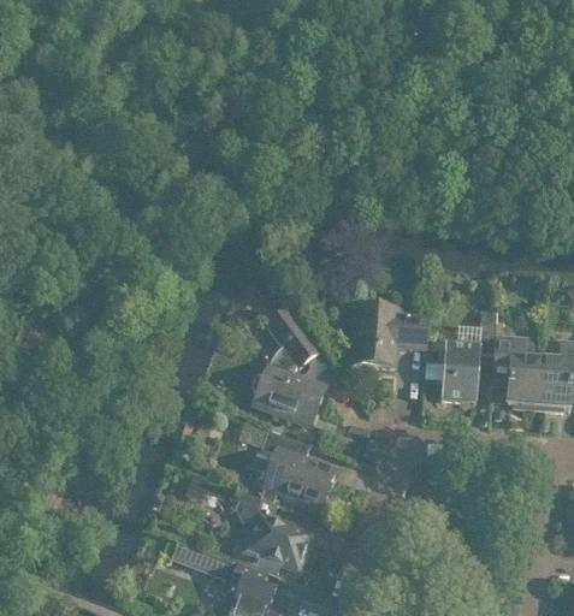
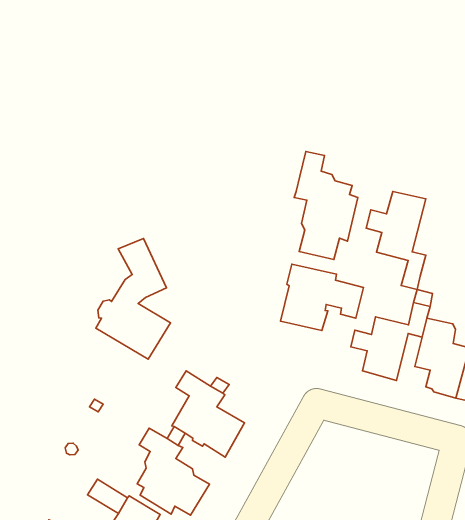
building: none -> [294,151,358,259]
building: none -> [366,191,426,290]
building: [253,307,326,425] -> [96,238,170,359]

